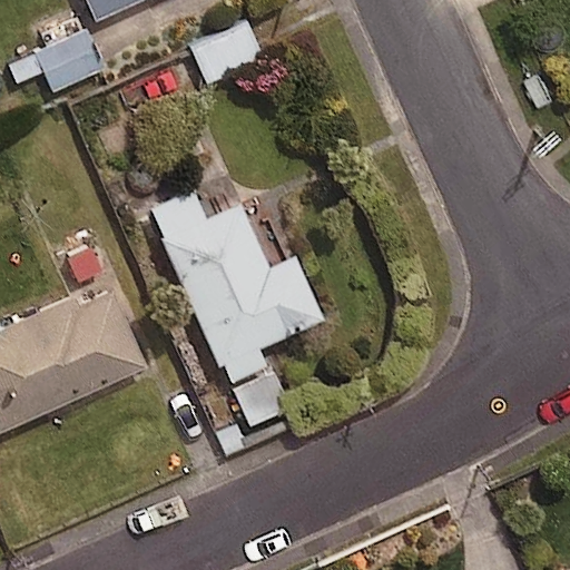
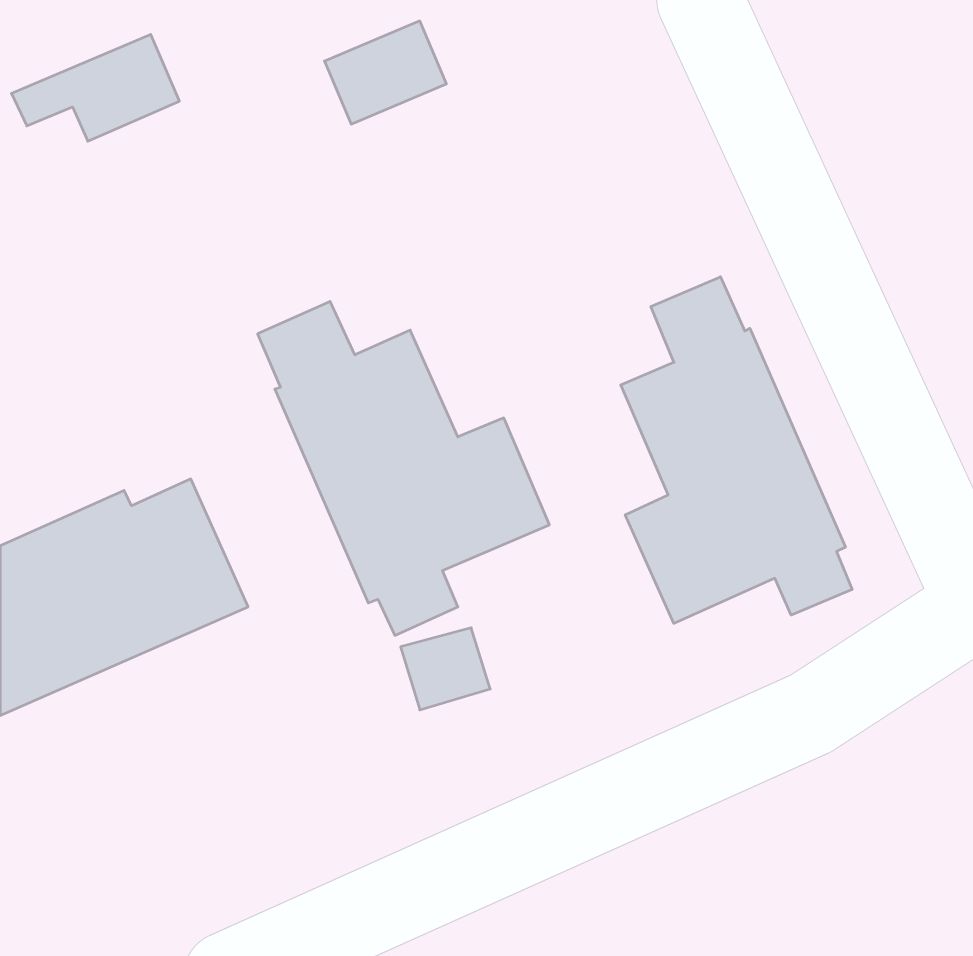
building: none -> [621,277,852,623]

